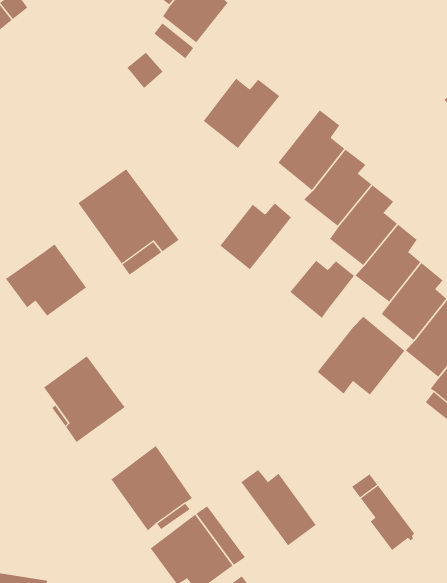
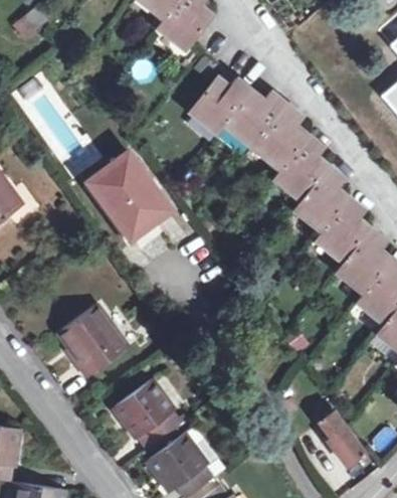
building: [219,203,292,270] -> [227,92,286,147]
building: [5,244,87,316] -> none
building: [289,260,355,319] -> none
building: [317,316,405,395] -> none
building: [241,469,316,546] -> none

